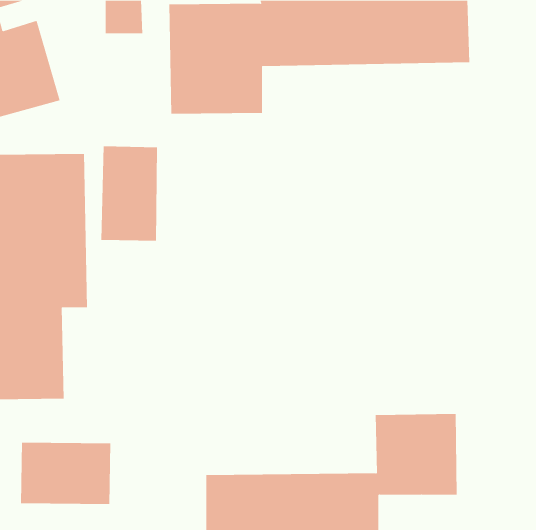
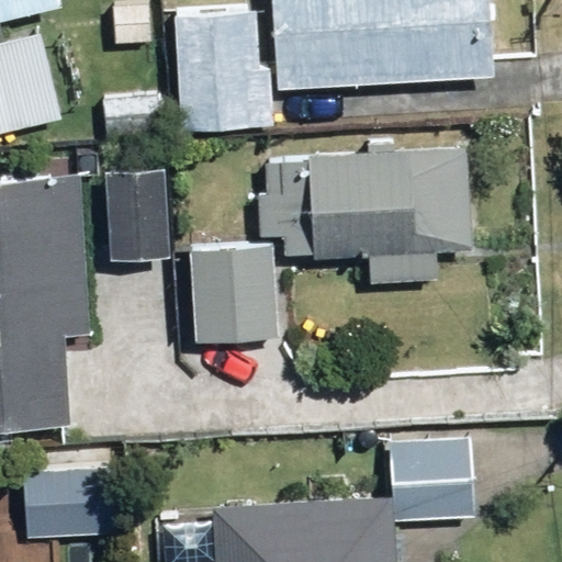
building: none -> [266,144,472,282]
building: none -> [191,245,272,341]

